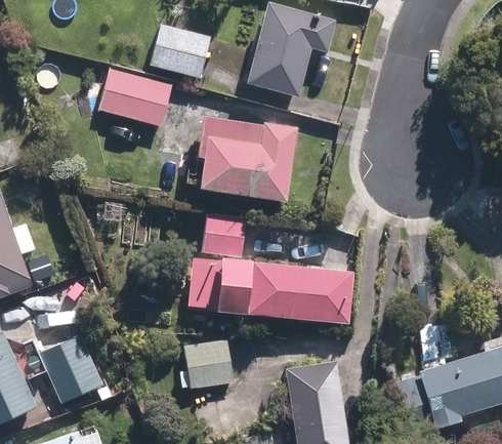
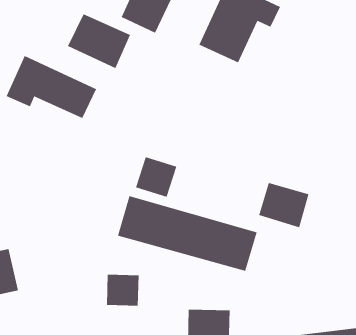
building: [199,120,291,199] -> none
building: none -> [6,55,97,119]
building: none -> [258,182,309,228]

